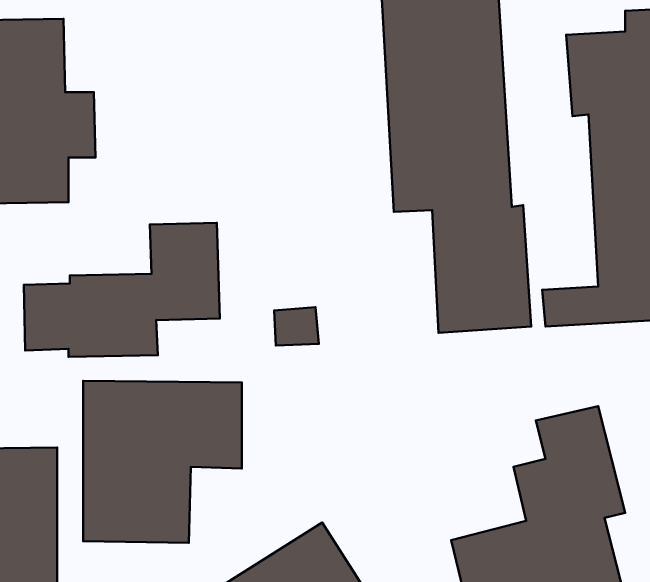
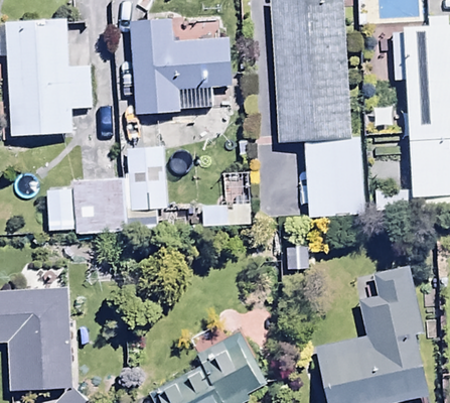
building: none -> [130,21,230,116]
building: [83,381,242,543] -> none

